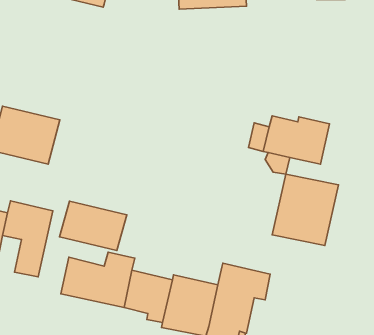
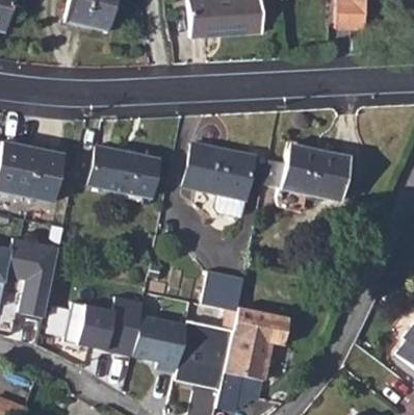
building: none -> [185,144,255,200]
building: [272,174,338,246] -> none
building: [60,201,127,251] -> [89,144,160,196]
building: none -> [201,268,242,310]

